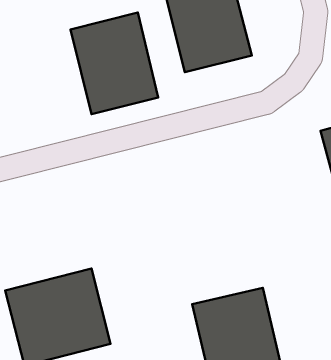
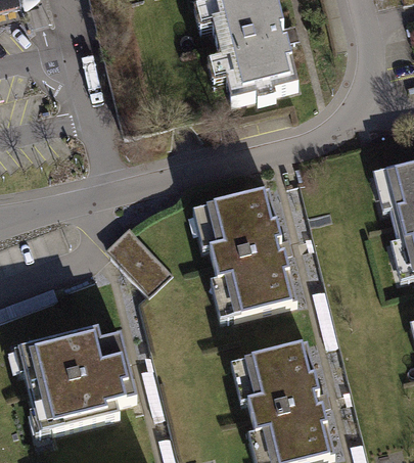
building: [71,13,158,114] -> none
building: none -> [192,187,298,324]

